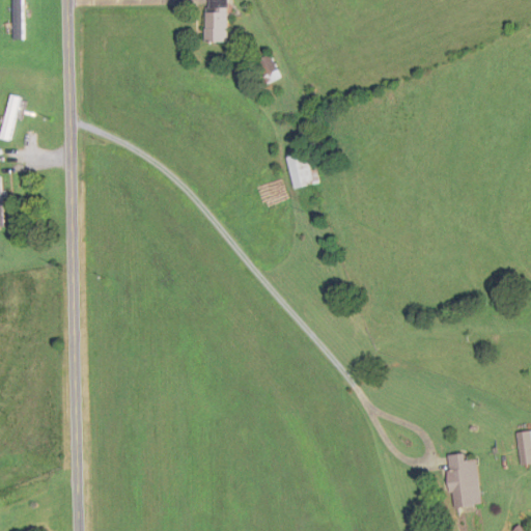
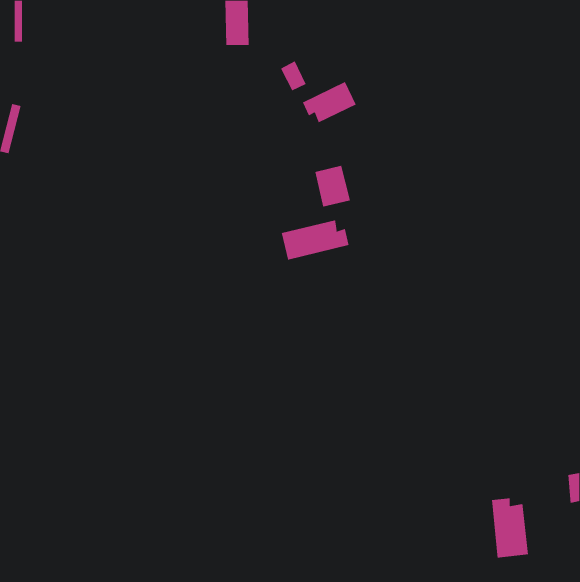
building: none -> [302,81,357,123]
building: none -> [281,220,349,261]

